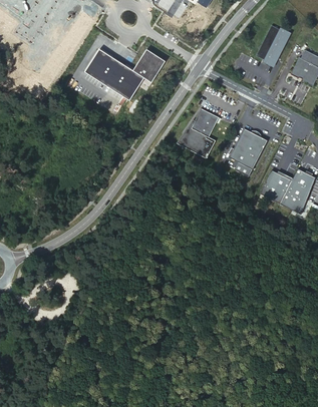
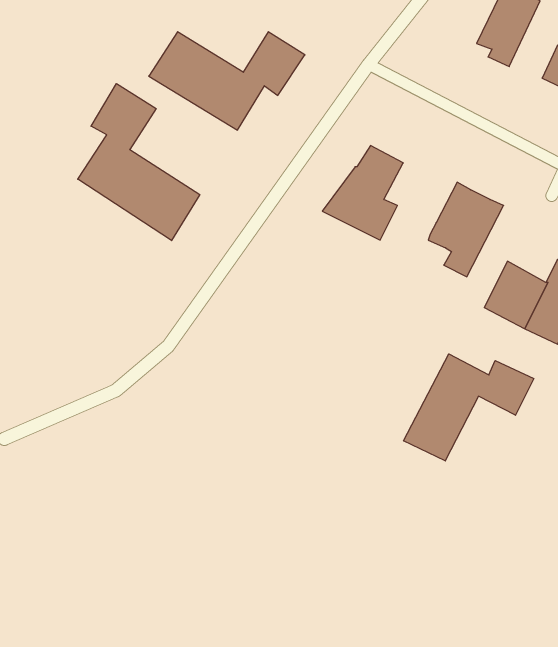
building: none -> [78,84,200,241]
building: none -> [404,354,534,461]

